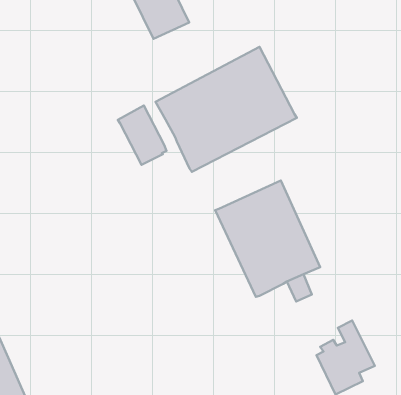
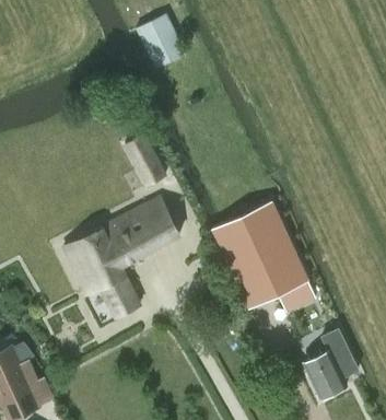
building: [156,47,297,172] -> none
building: none -> [62,197,178,316]

